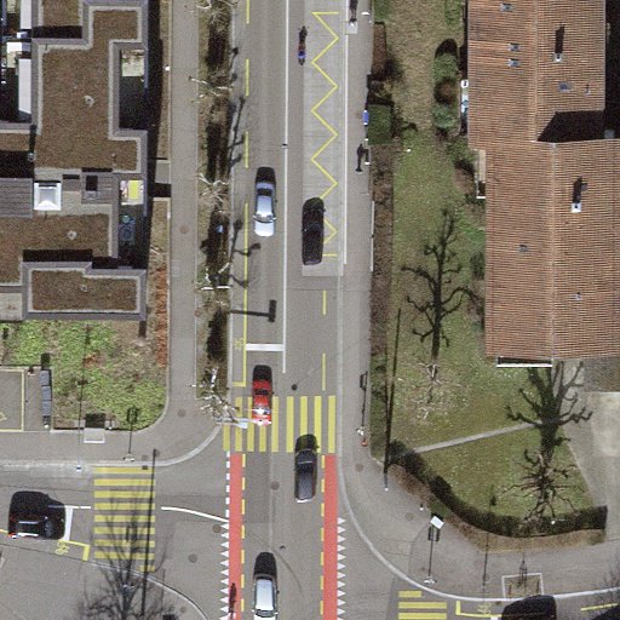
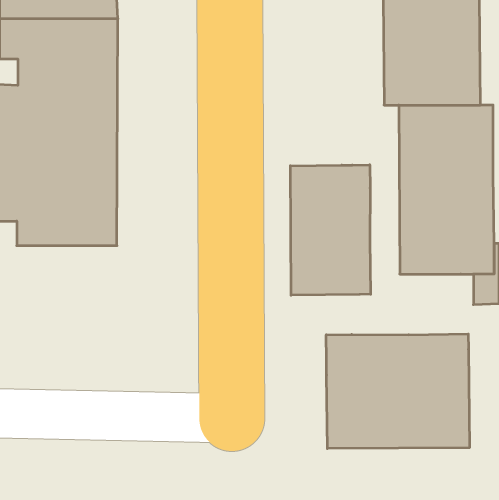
building: none -> [290,165,371,295]
building: none -> [326,334,469,449]

